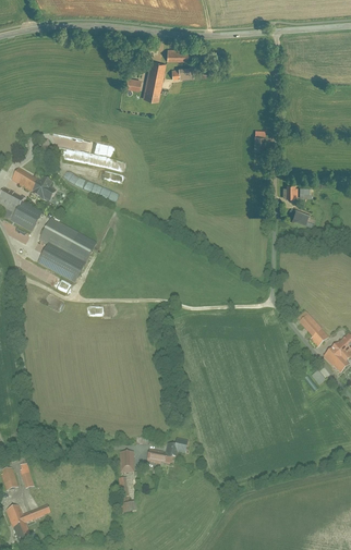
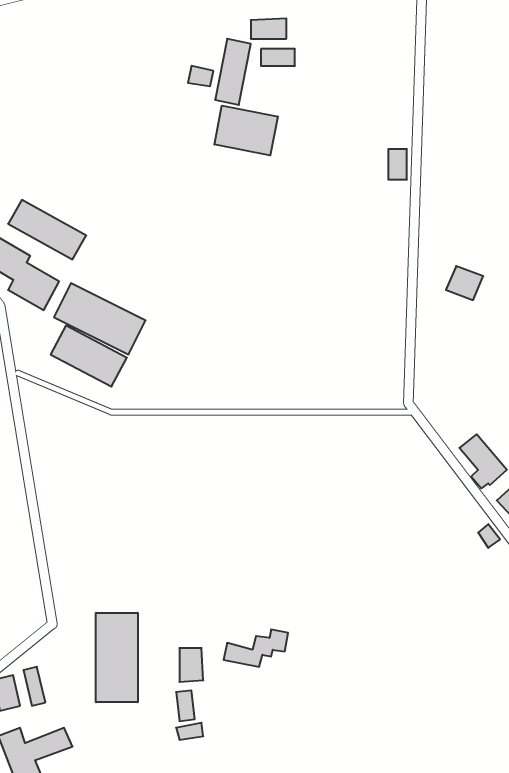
building: none -> [214,106,278,155]
building: none -> [96,613,138,702]

